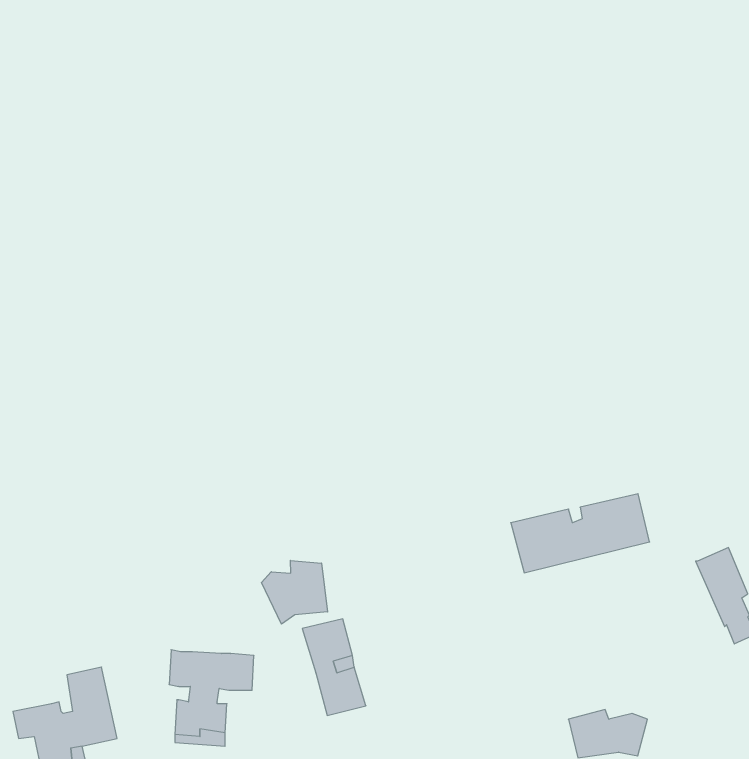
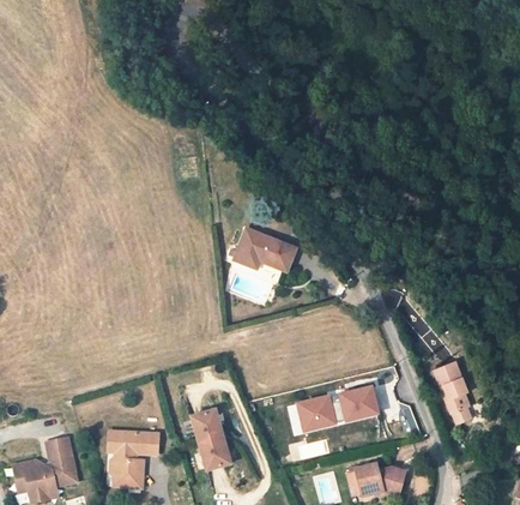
building: none -> [235,230,295,271]
building: [511,494,650,573] -> [295,385,381,434]
building: [262,560,328,624] -> none

